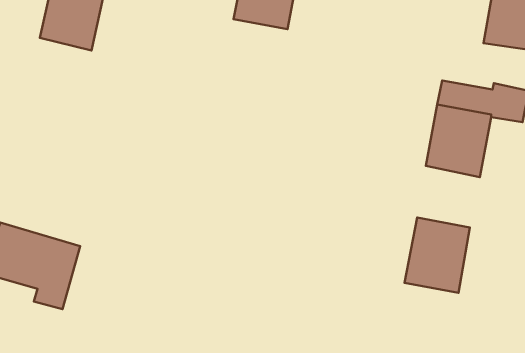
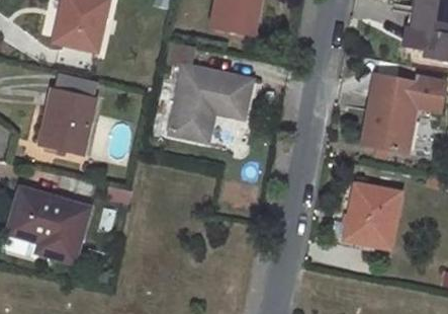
building: none -> [169,67,249,141]
building: none -> [40,89,94,154]

